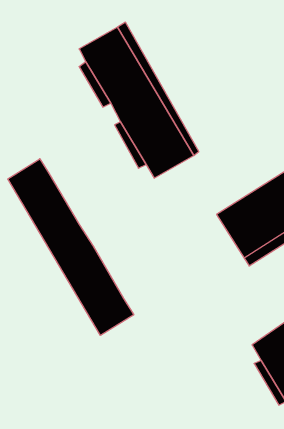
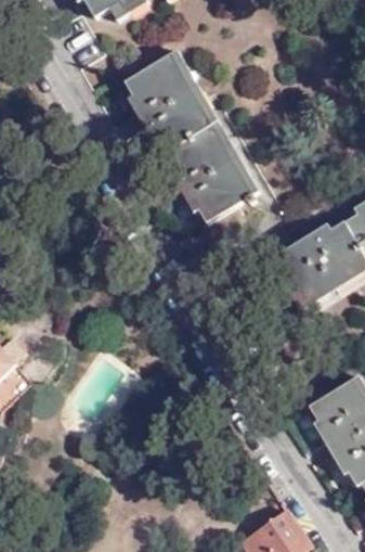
building: [8,159,134,335] -> none

